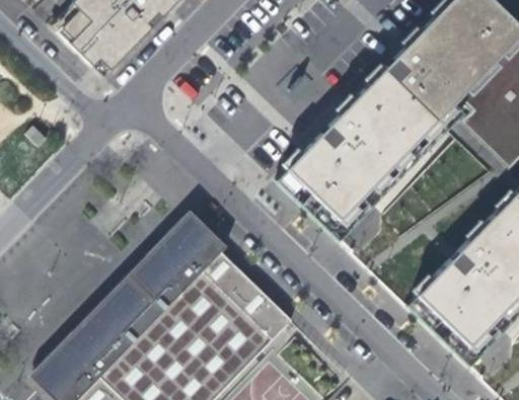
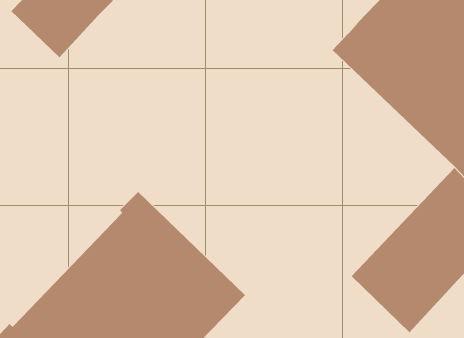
building: [281,72,442,238] -> none

